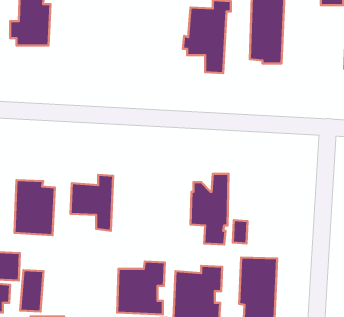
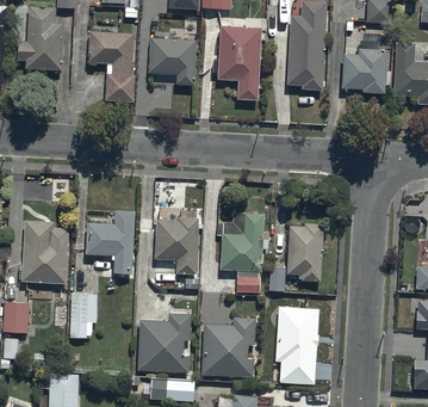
building: none -> [88,30,135,100]
building: none -> [342,33,386,92]
building: none -> [149,37,196,84]
building: none -> [154,208,199,273]
building: none -> [289,226,323,285]
building: [20,270,44,311] -> [67,296,93,343]

